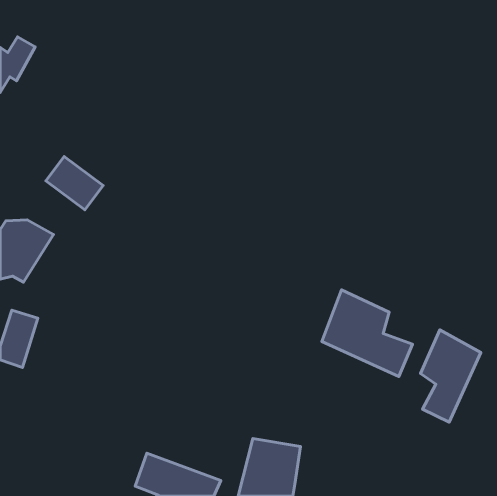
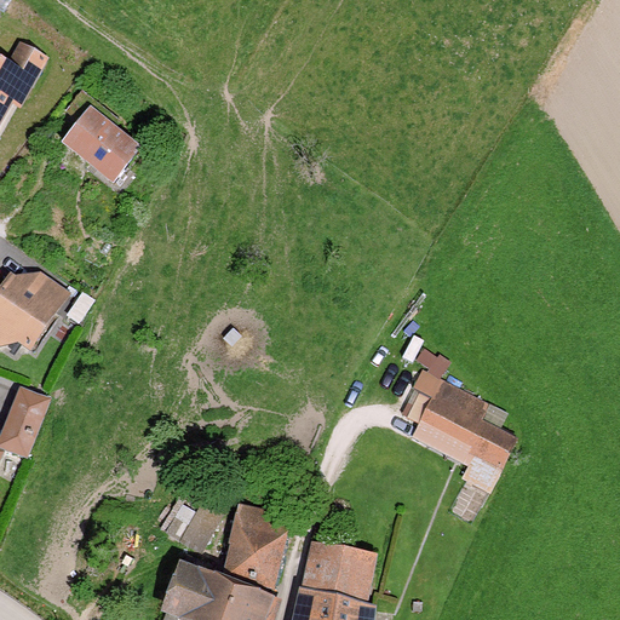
building: [46,156,103,210] -> [65,109,137,176]
building: [420,330,481,422] -> none
building: none -> [226,507,287,584]

